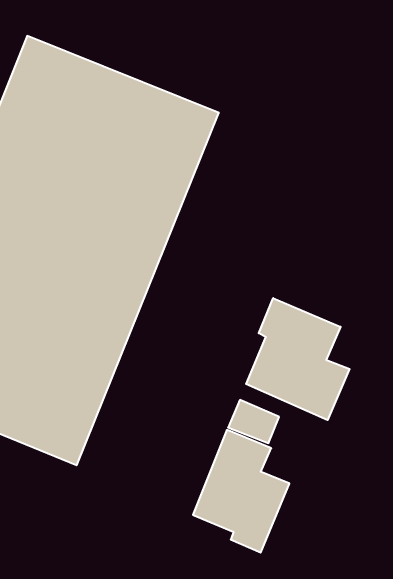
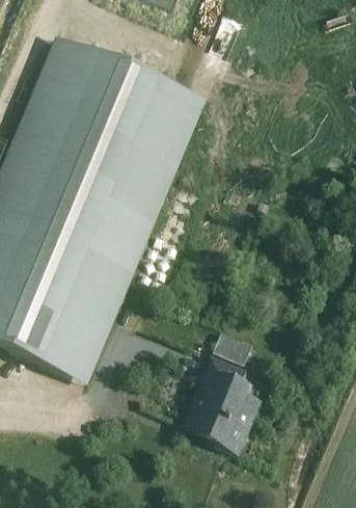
building: [246,298,350,420] -> none

